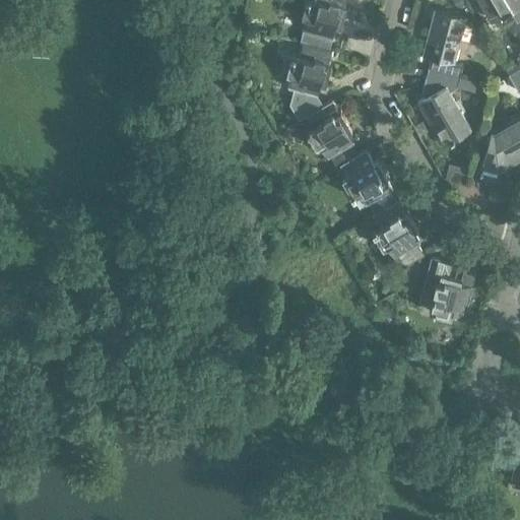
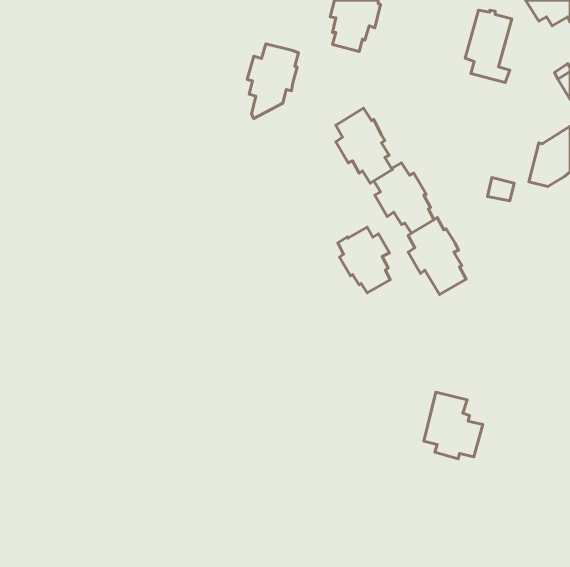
building: [285,44,332,112] -> [247,44,298,119]
building: [417,70,471,146] -> none
building: none -> [338,227,390,293]
building: [419,258,473,319] -> [424,392,483,459]

